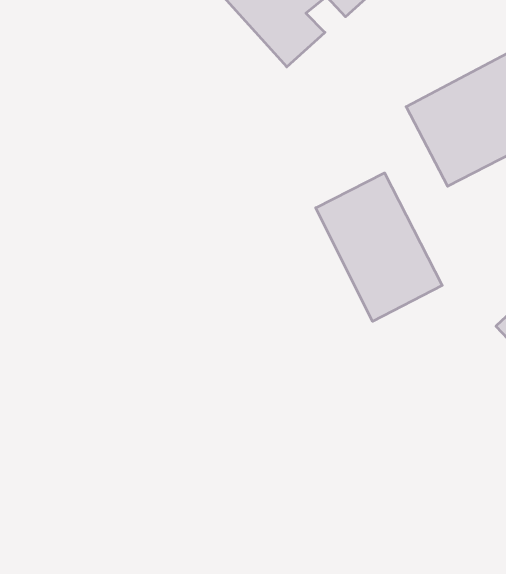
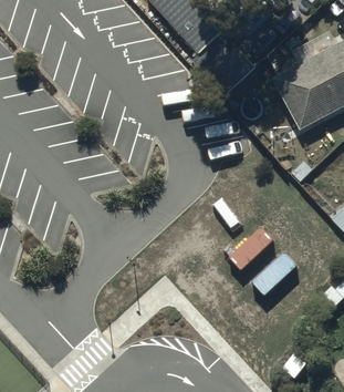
building: [316,173,442,321] -> none

